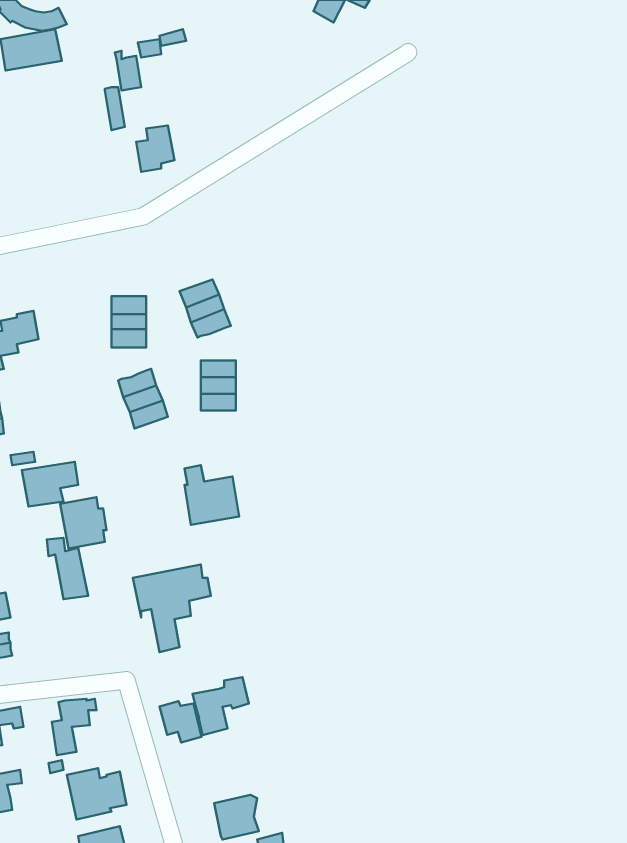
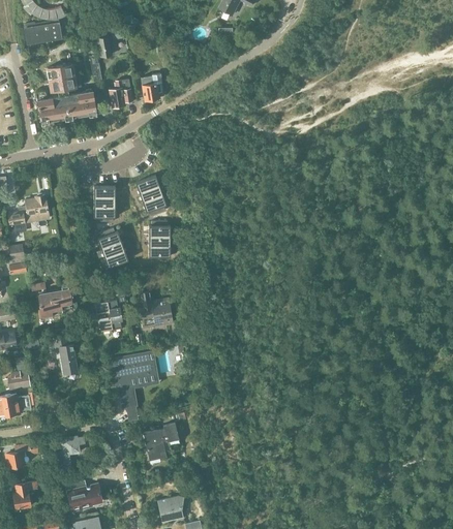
building: none -> [33,64,96,125]
building: none -> [141,74,161,101]
building: [60,497,107,548] -> [93,301,122,333]
building: [159,701,202,743] -> none

